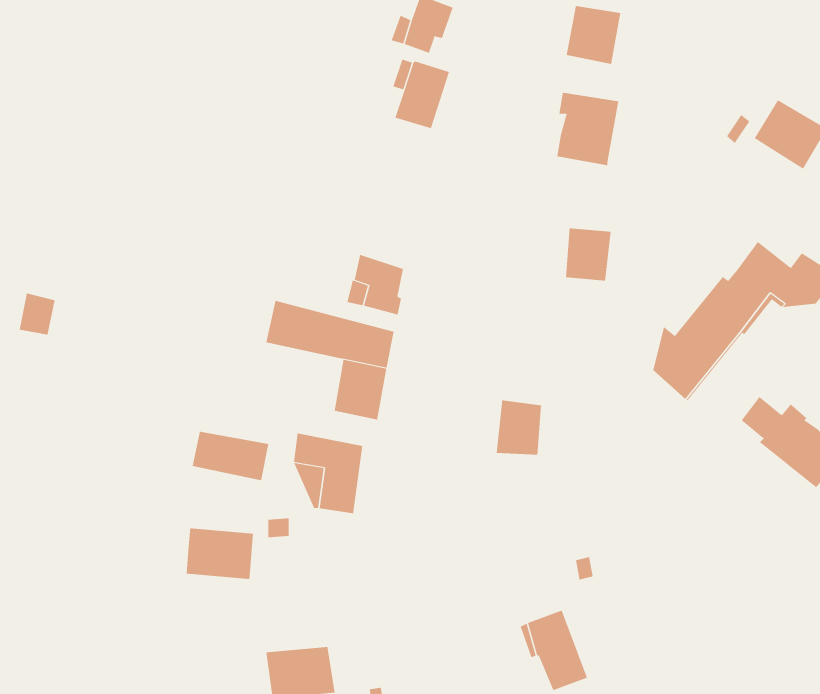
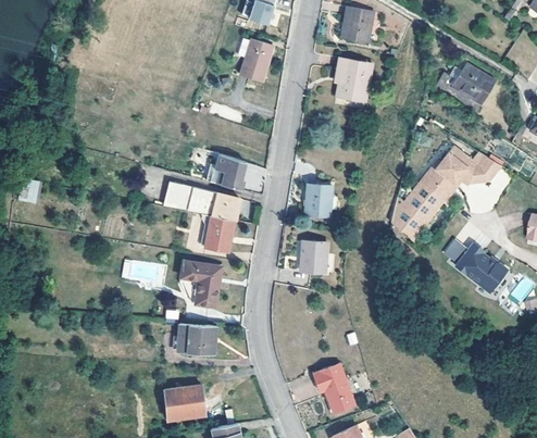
building: [565,228,611,281] -> [305,184,333,215]
building: [186,528,254,579] -> [177,322,217,352]

